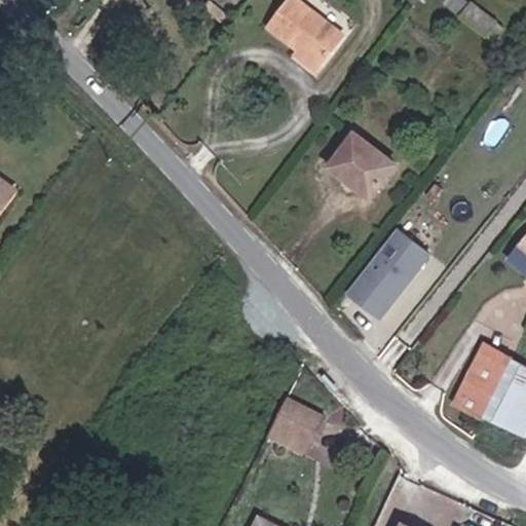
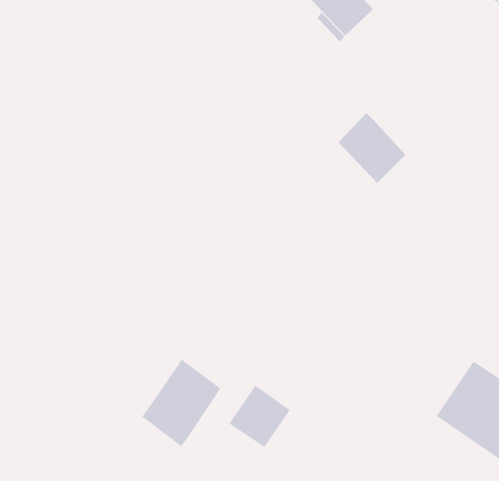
building: [344,223,433,317] -> none
building: none -> [142,359,221,447]

